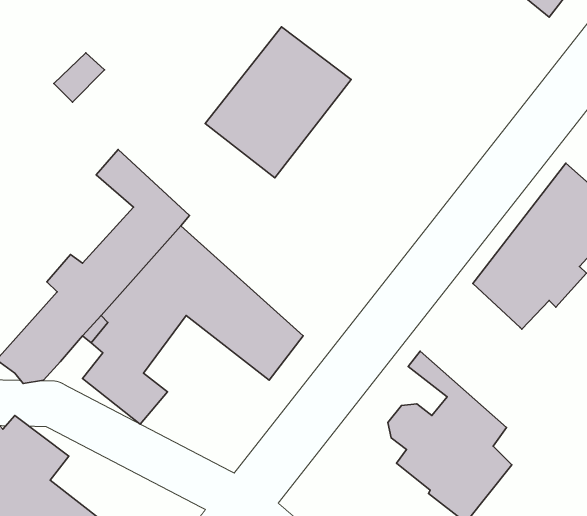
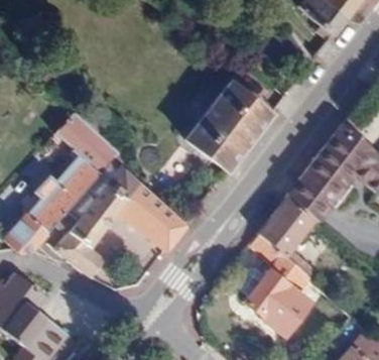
building: [205,27,351,178] -> [184,83,271,172]
building: none -> [256,193,315,278]

